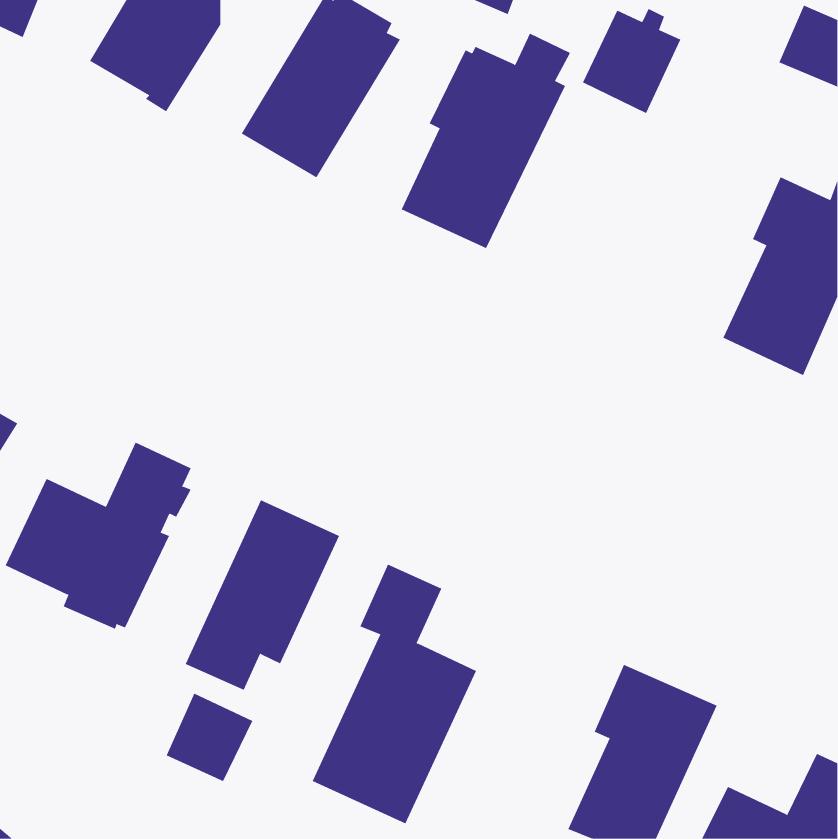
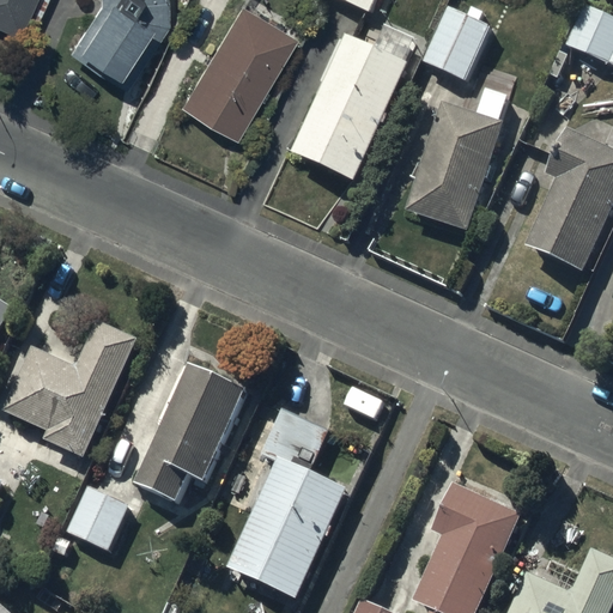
building: none -> [407,103,503,231]
building: [166,693,253,782] -> [66,486,129,551]

